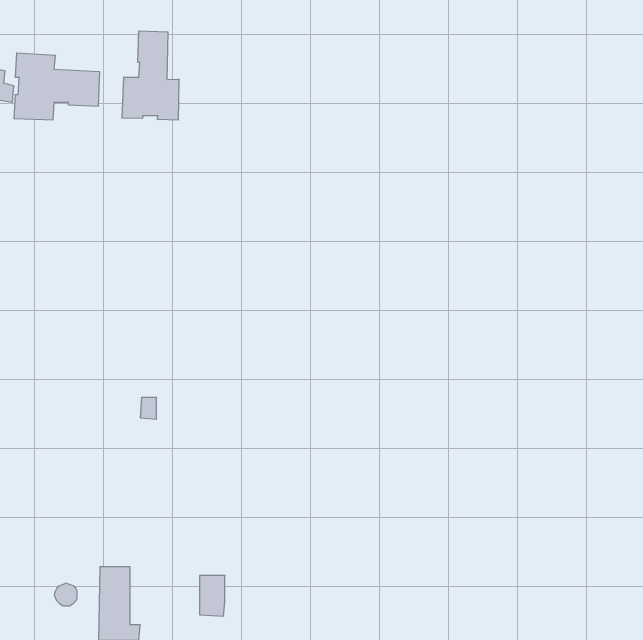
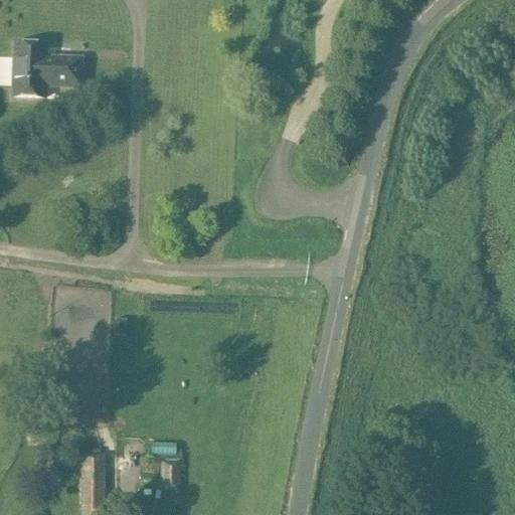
building: [122,31,179,120] -> none

